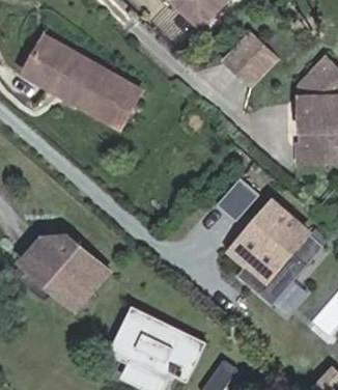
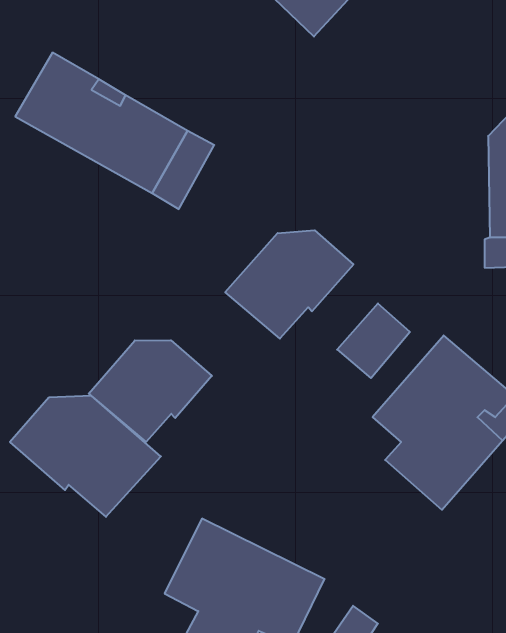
building: [223,34,274,85] -> none
building: none -> [225,230,353,339]
building: none -> [89,340,212,442]

